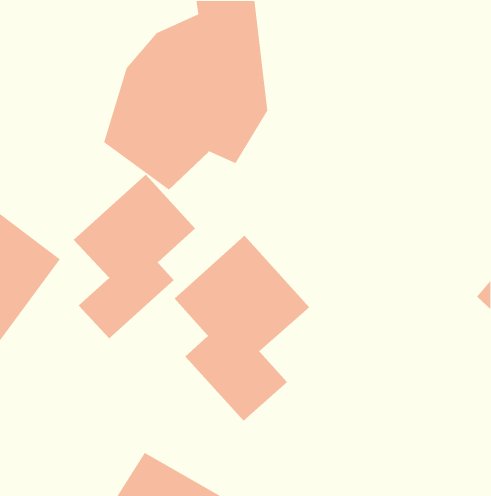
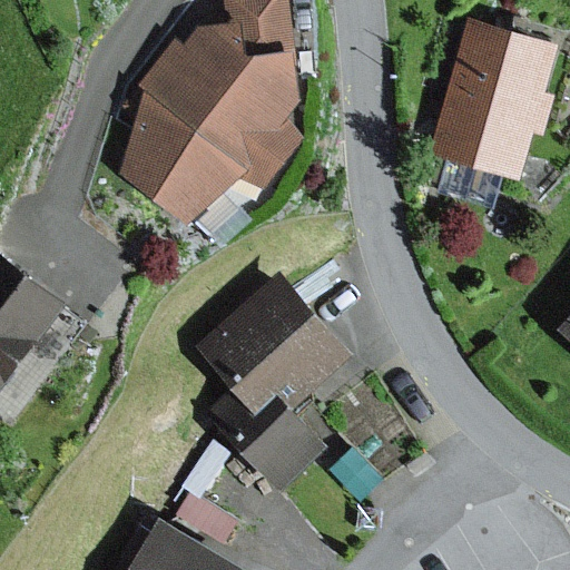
building: none -> [413,32,542,193]
building: [73,174,196,339] -> none

